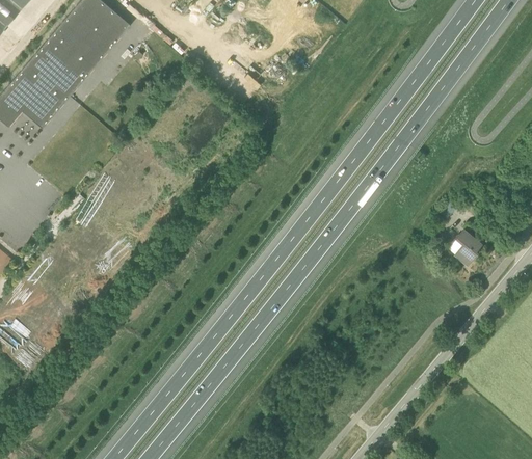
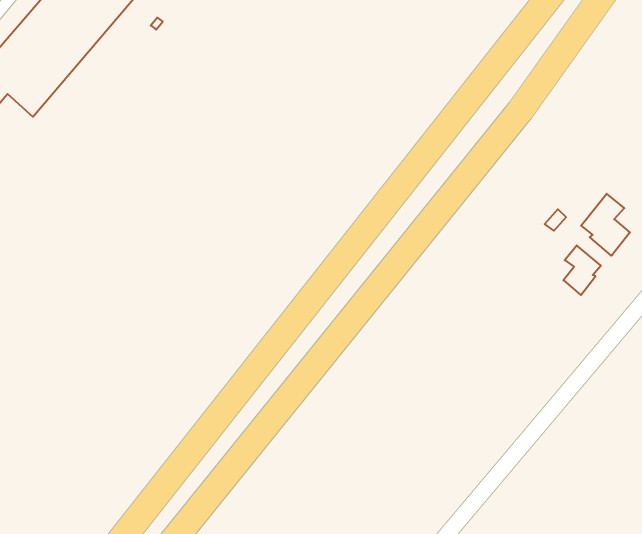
building: none -> [581,194,630,256]

